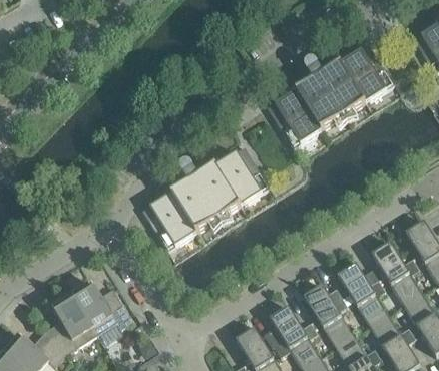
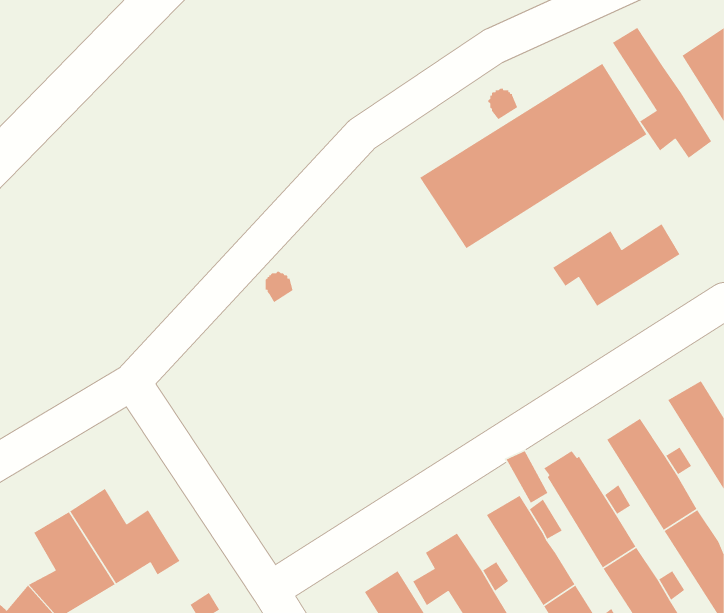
building: none -> [612,27,712,159]
building: none -> [552,223,681,307]
building: [142,145,270,250] -> none

